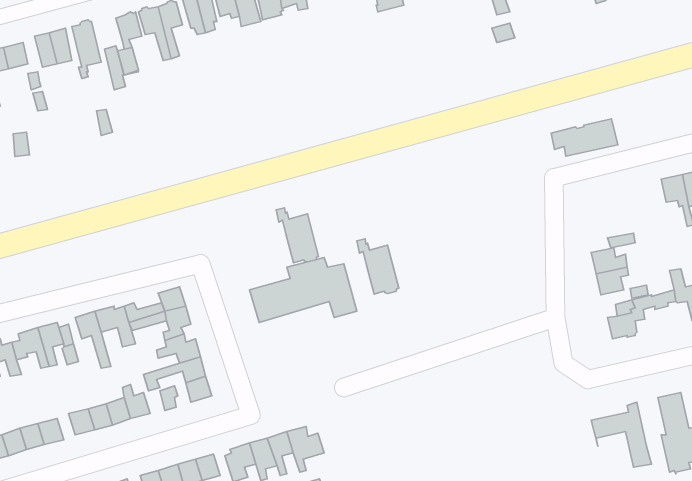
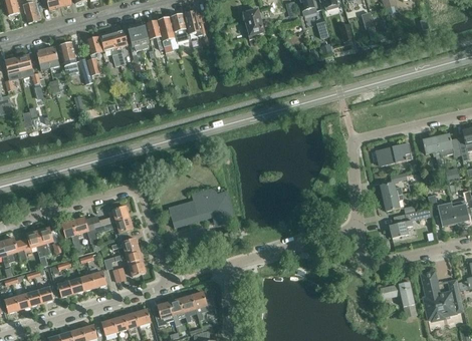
building: [551,119,618,156] -> [372,142,413,165]
building: [276,208,318,263] -> none
building: [357,239,399,294] -> none

